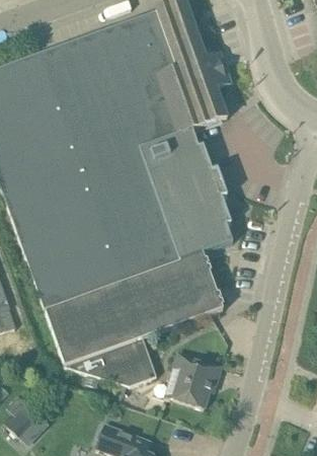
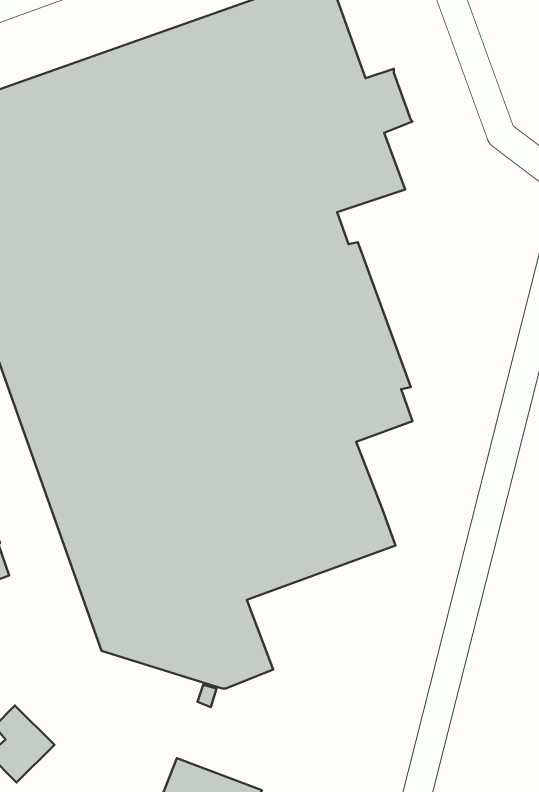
building: [165,352,222,407] -> none

